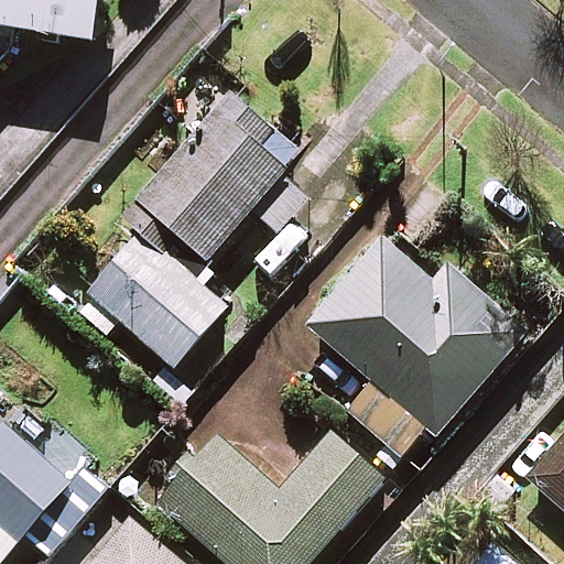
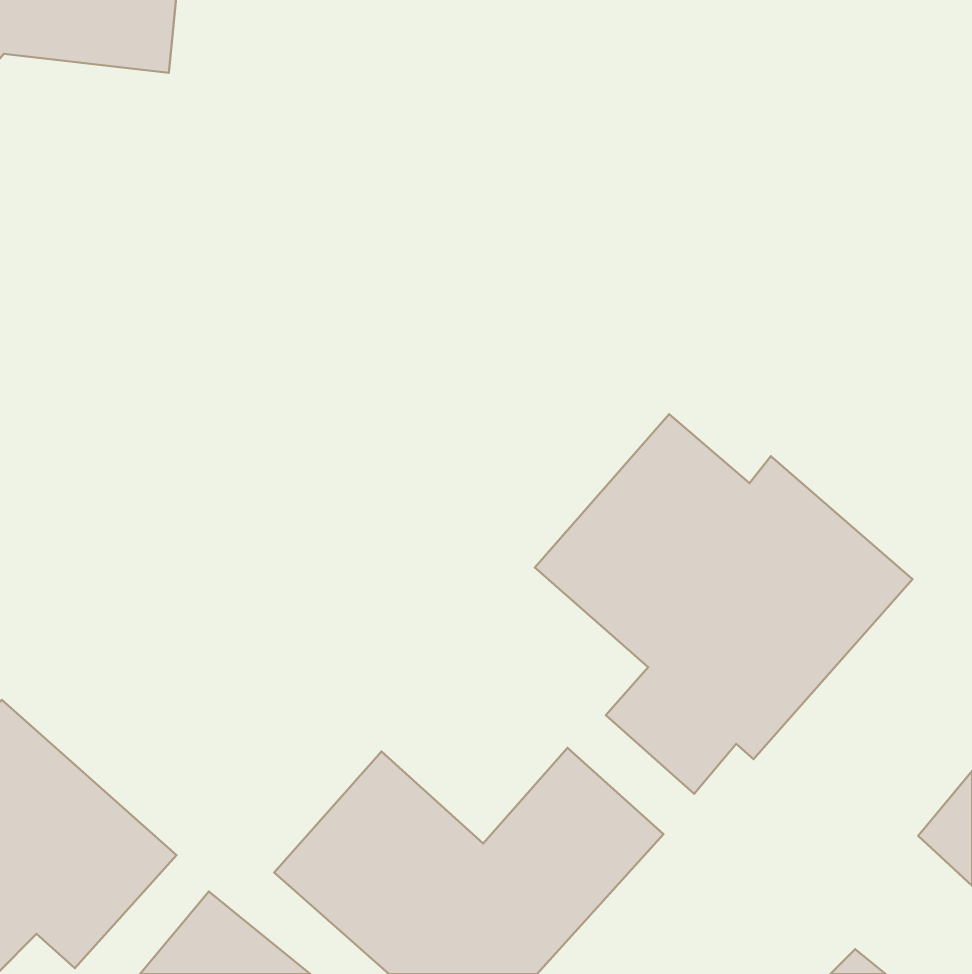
building: [139,95,300,261] -> none
building: [73,232,225,367] -> none

